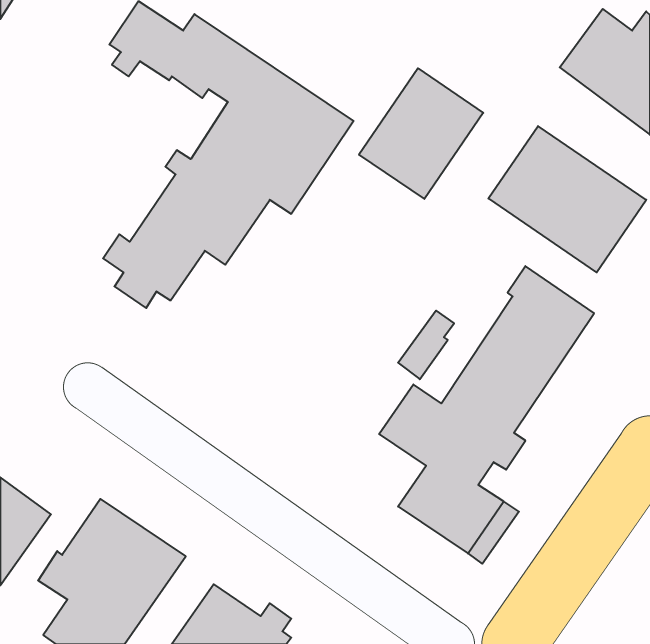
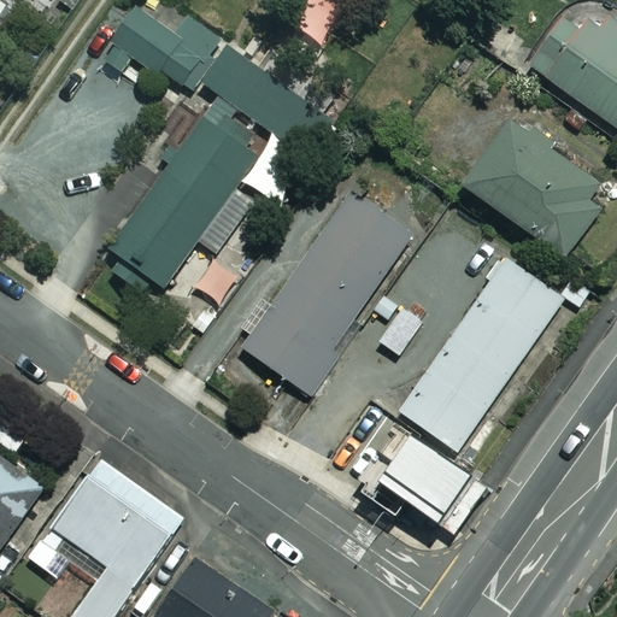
building: [359,68,483,199] -> none
building: none -> [242,193,419,392]

